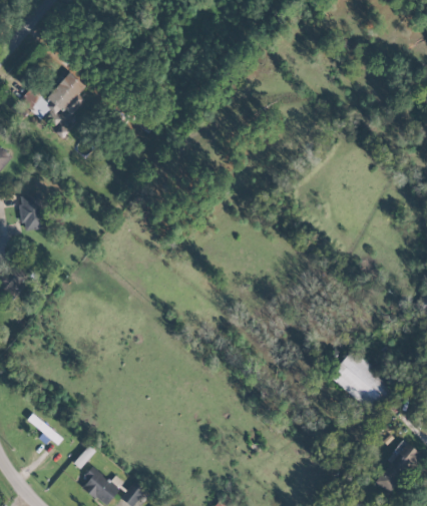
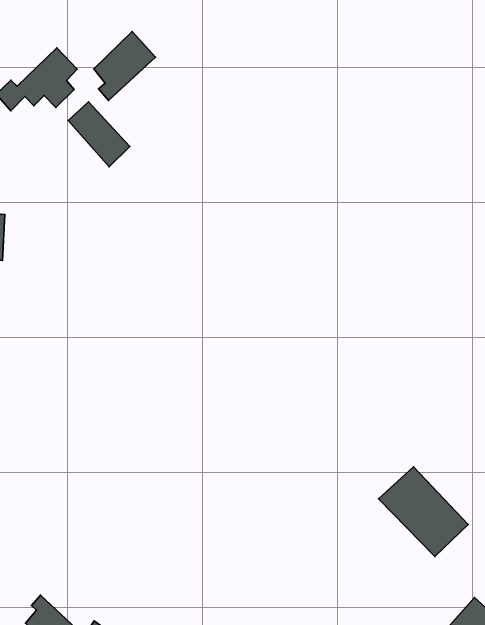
building: none -> [94,32,155,100]
building: none -> [68,102,130,167]

